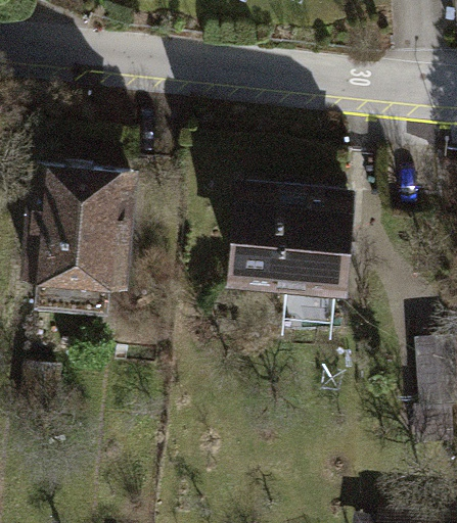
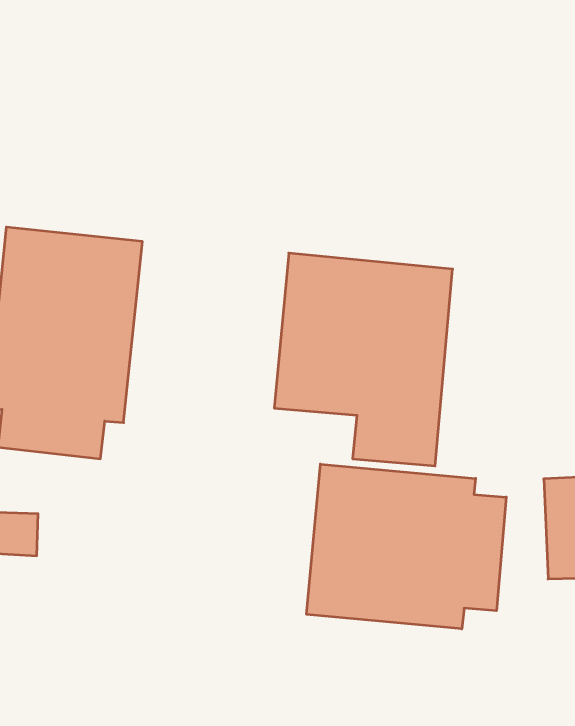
building: none -> [307,464,506,629]

